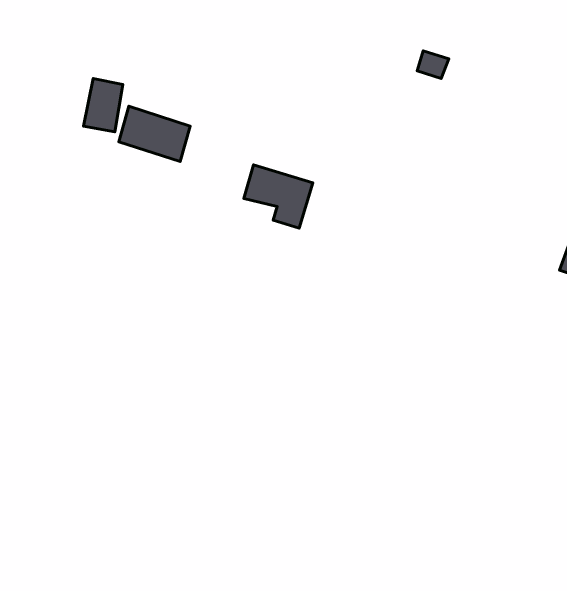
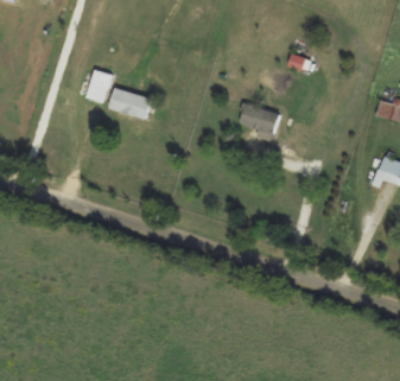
building: [244,165,313,228] -> [237,103,279,141]

